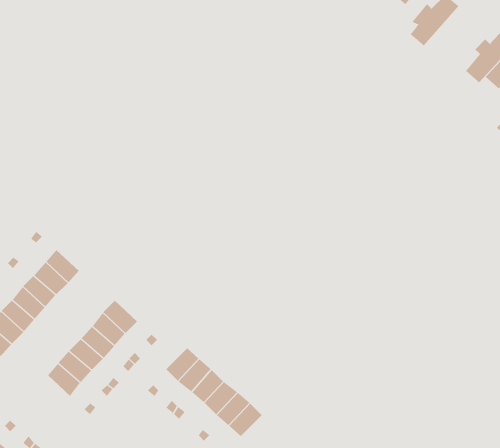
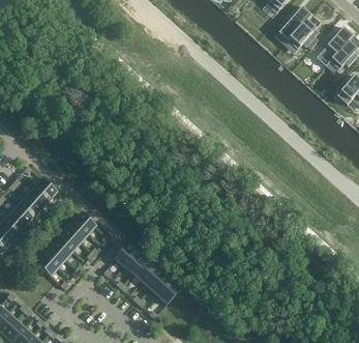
building: none -> [289,13,322,49]

